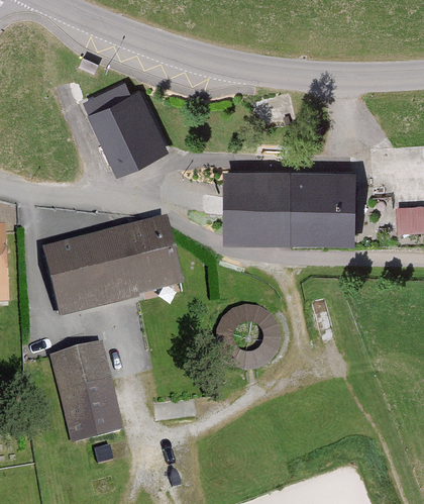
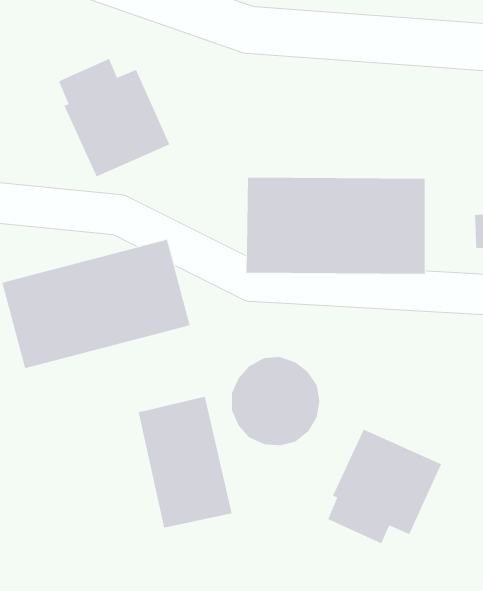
building: [49,343,120,442] -> [138,396,232,528]
building: none -> [327,429,442,544]

